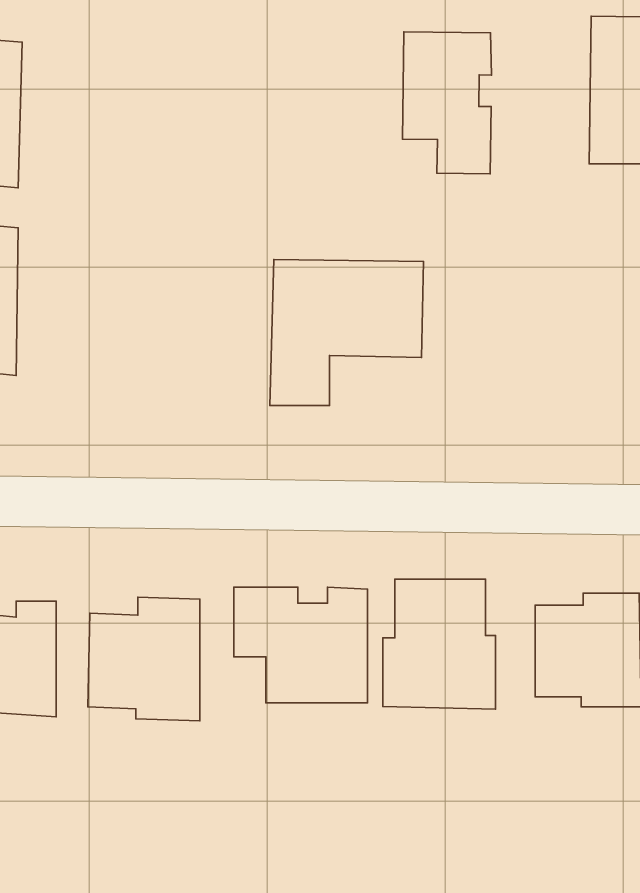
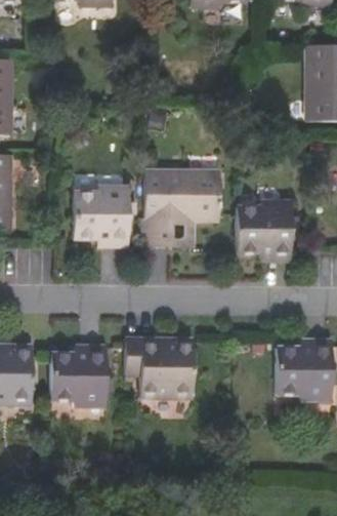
building: [402,32,492,174] -> none
building: none -> [74,186,129,246]
building: none -> [235,200,291,263]
building: [383,579,495,709] -> none

